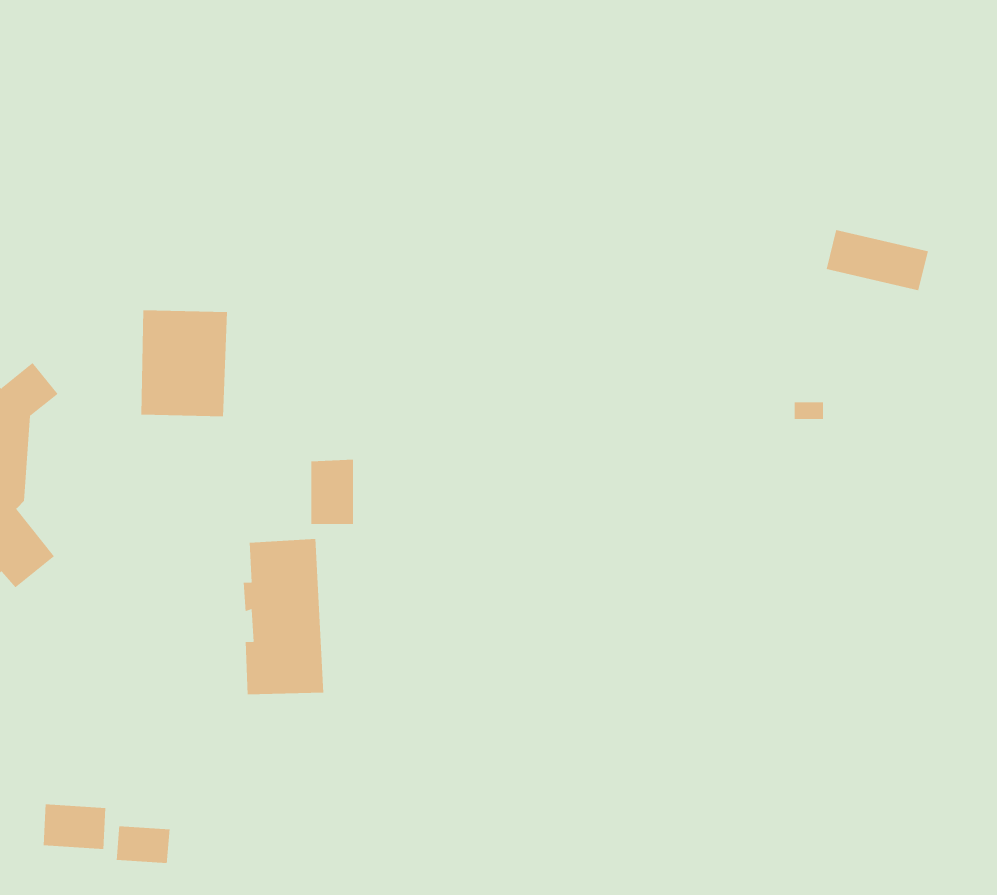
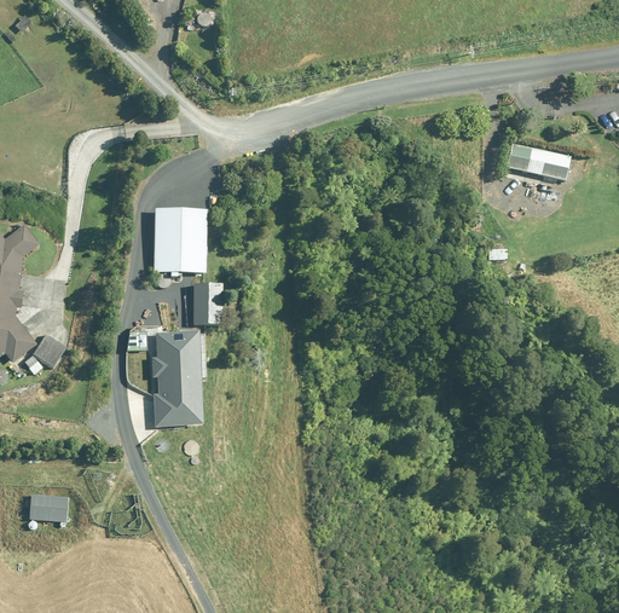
building: [140,310,228,417] -> [152,208,206,273]
building: none -> [33,334,65,366]
building: [116,825,170,864] -> none

